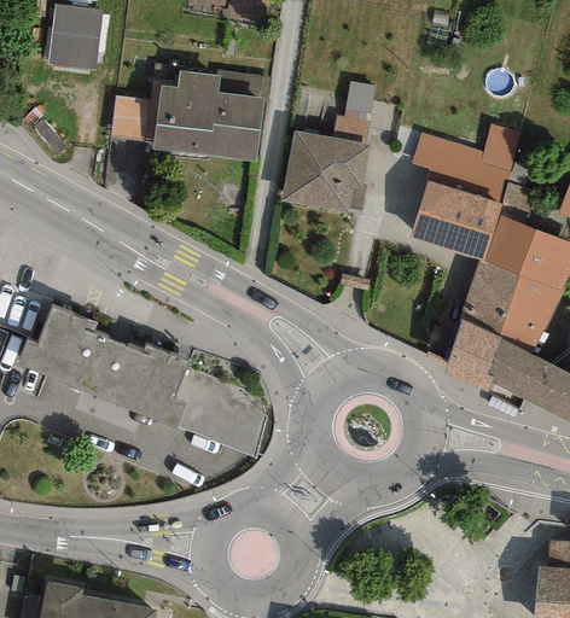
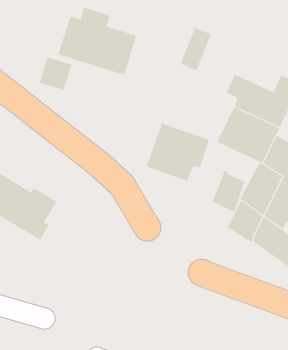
building: [110,89,155,135] -> [39,57,72,91]
building: [281,133,370,214] -> [146,123,210,182]
building: none -> [212,170,245,213]
building: [176,368,267,454] -> none

